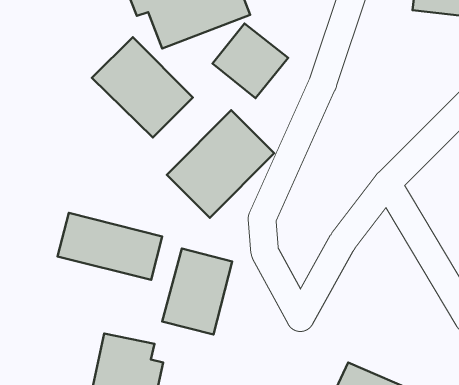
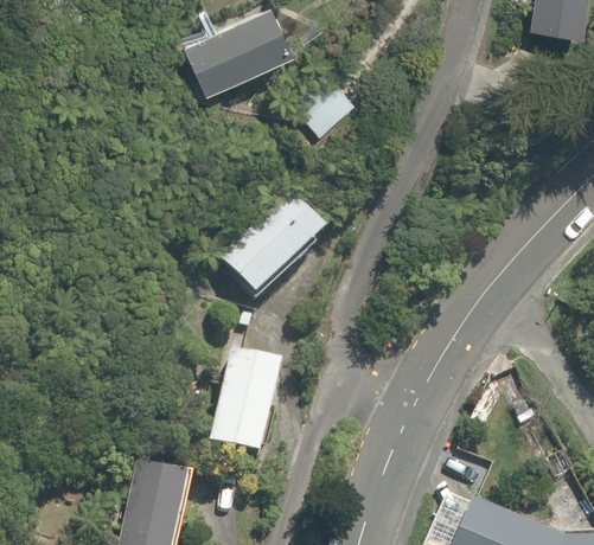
building: [92,37,193,138] -> none
building: [58,213,162,280] -> none

